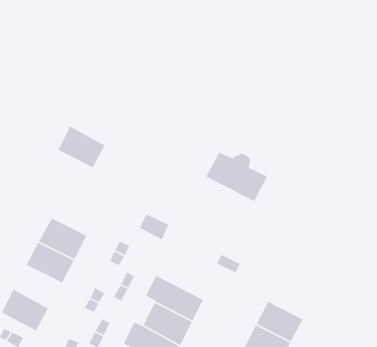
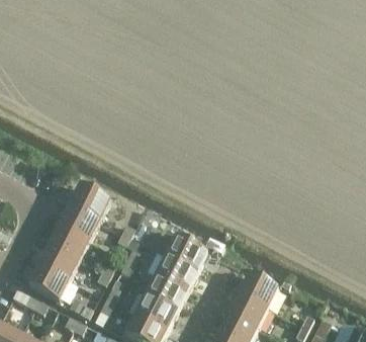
building: [58,126,106,169] -> [70,185,109,221]
building: [205,152,268,202] -> [155,232,206,273]
building: none -> [38,245,79,280]

